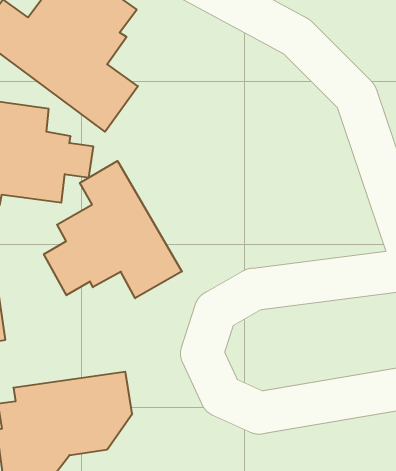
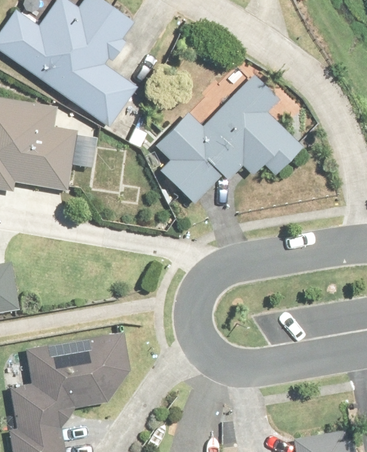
building: none -> [156,76,301,204]
building: [44,161,182,298] -> none

